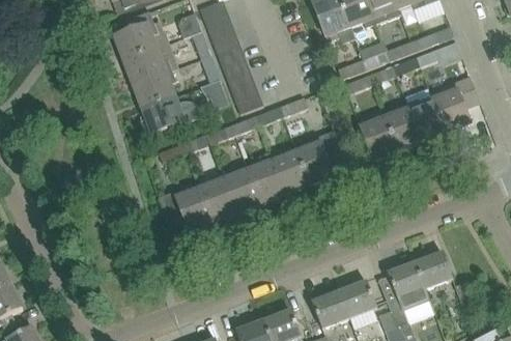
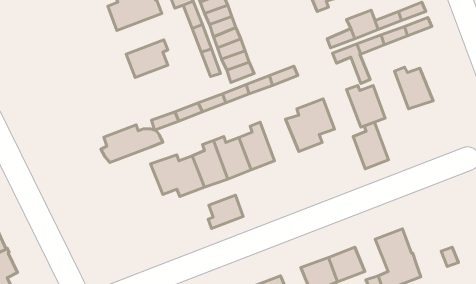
building: [123,42,178,84] -> none
building: [430,77,479,132] -> none
building: [139,95,202,134] -> [101,125,163,162]
building: [385,102,421,149] -> [353,122,389,169]
building: [269,149,309,193] -> none
building: none -> [208,195,243,228]
building: [415,252,452,287] -> none

